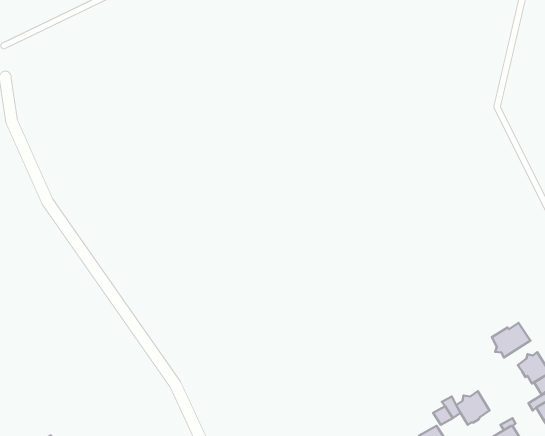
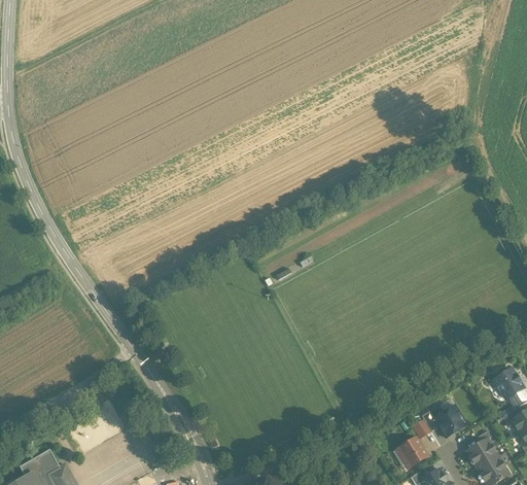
building: [492,323,531,357] -> none

